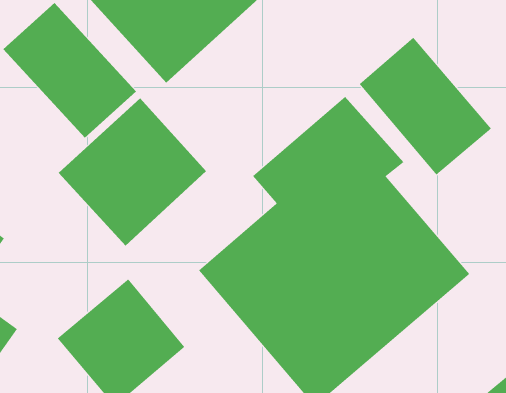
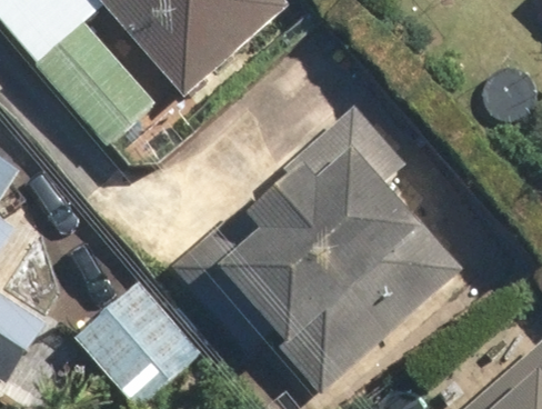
building: [359,37,492,175] -> none
building: [58,98,207,246] -> none

